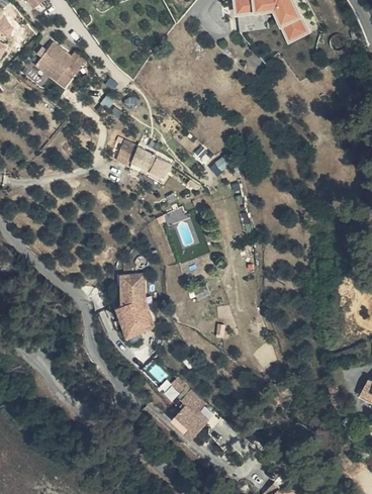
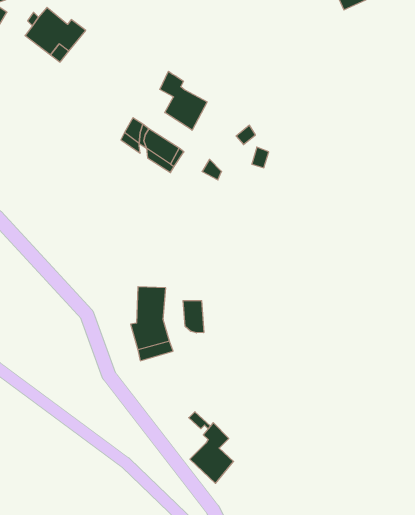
building: none -> [160,71,207,130]
building: none -> [183,301,204,333]

